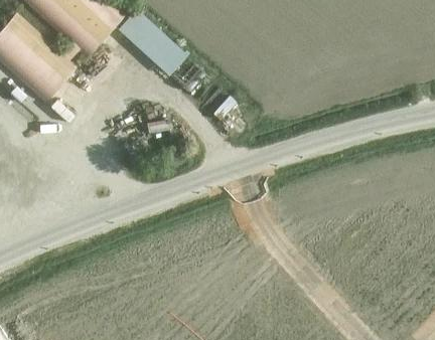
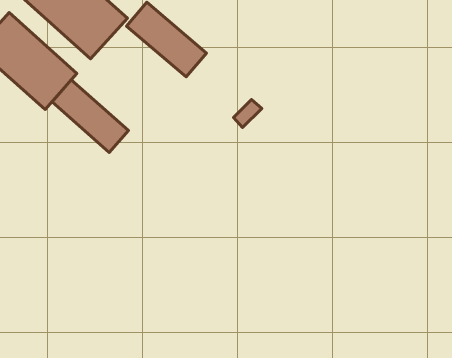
building: none -> [52,80,128,152]

